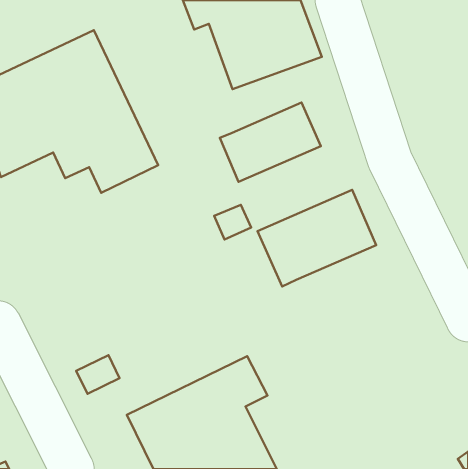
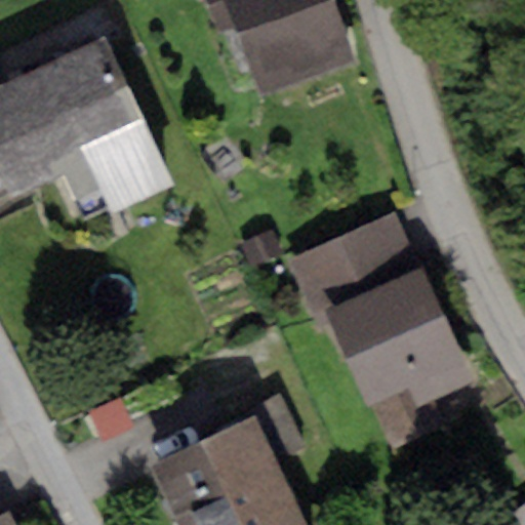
building: [220,102,321,182] -> none
building: none -> [330,274,469,454]

